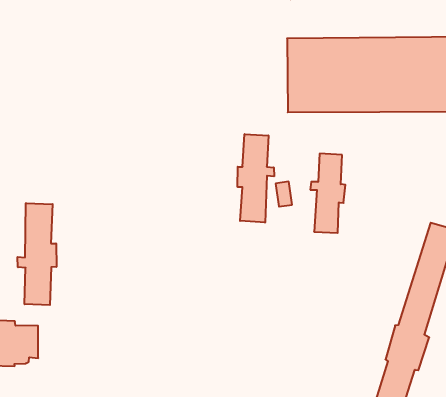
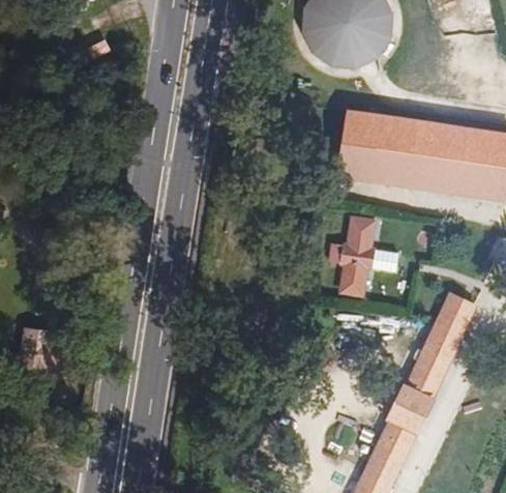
building: [238,134,274,223] -> none
building: [18,203,56,305] -> none

